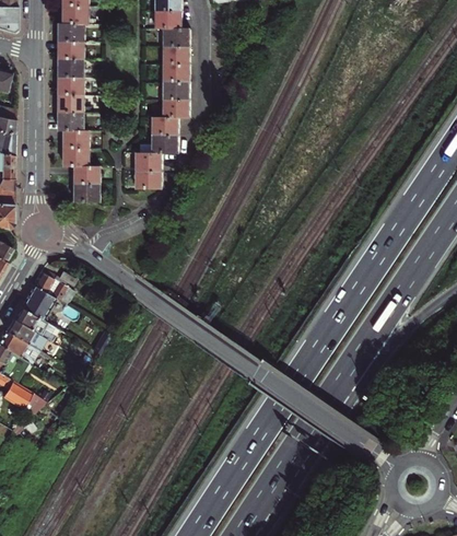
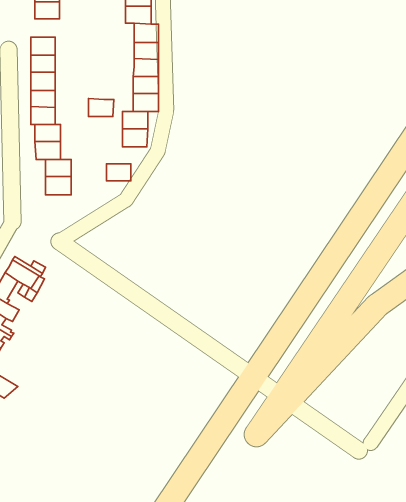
building: [59,23,84,42] -> none
building: [137,153,163,172] -> [88,98,114,116]

